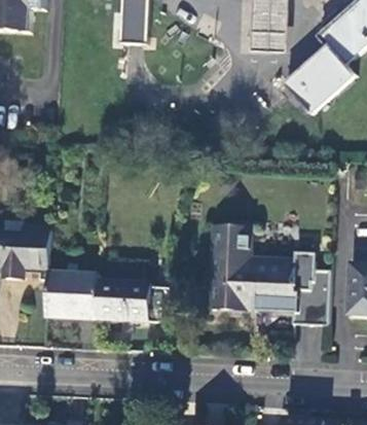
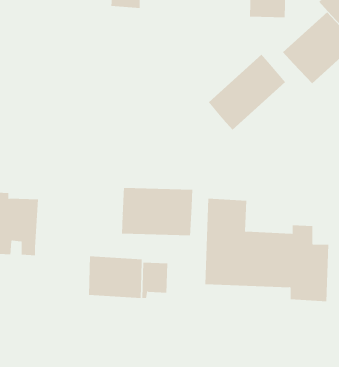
building: none -> [208,54,286,130]
building: none -> [121,187,193,236]
building: [43,272,98,318] -> none

